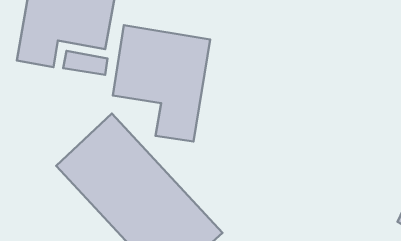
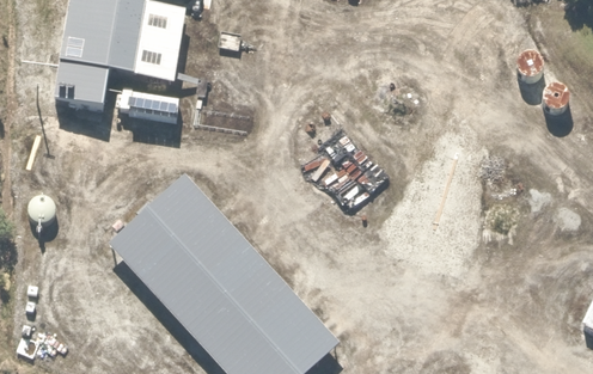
building: [113,25,210,142] -> none

